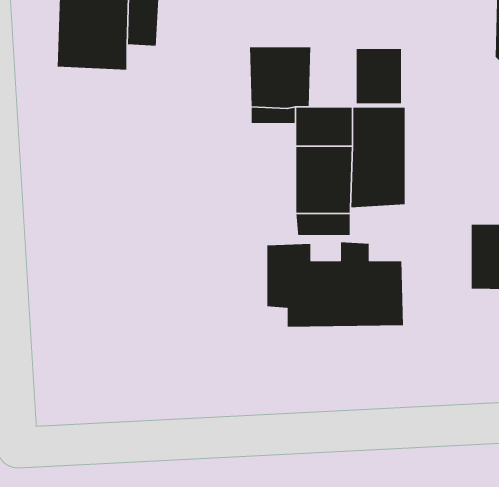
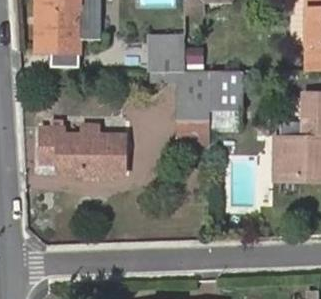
building: [356,48,402,104] -> none
building: [266,241,404,327] -> [44,124,124,174]

